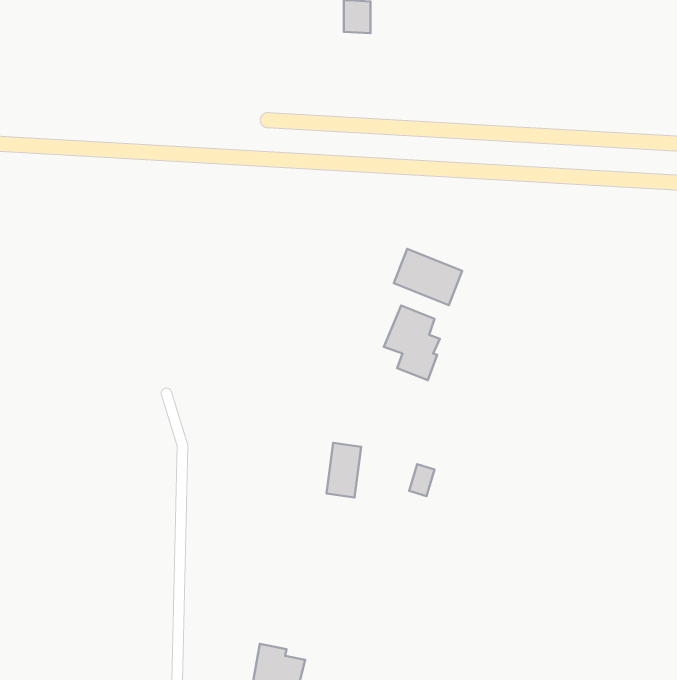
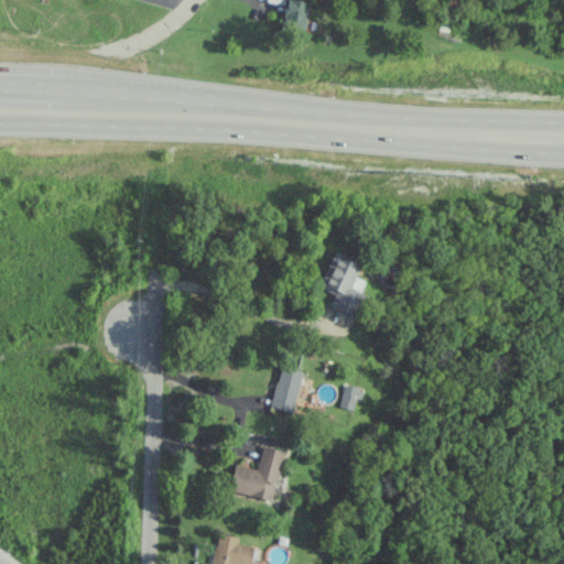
building: [394,249,462,305] -> none
building: none -> [229,446,285,501]

